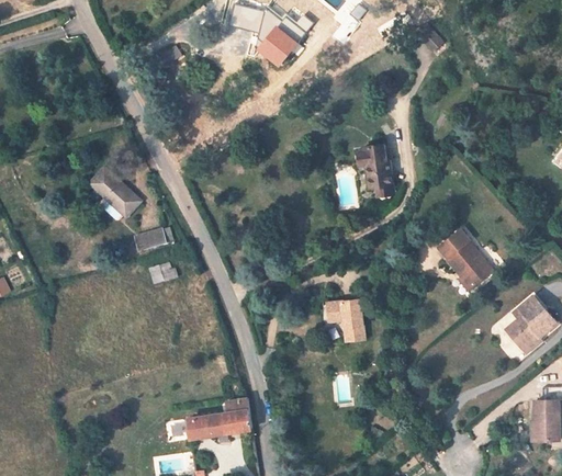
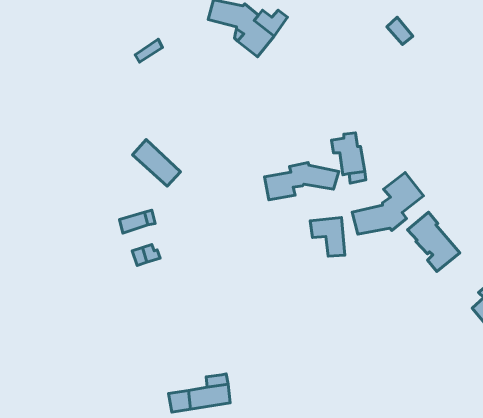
building: [89,167,139,216] -> [133,139,181,186]
building: none -> [264,163,339,200]
building: none -> [352,173,423,234]
building: [326,299,362,340] -> [310,218,345,256]

